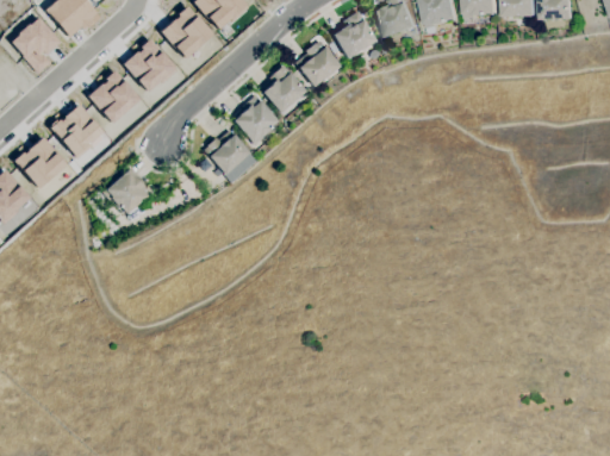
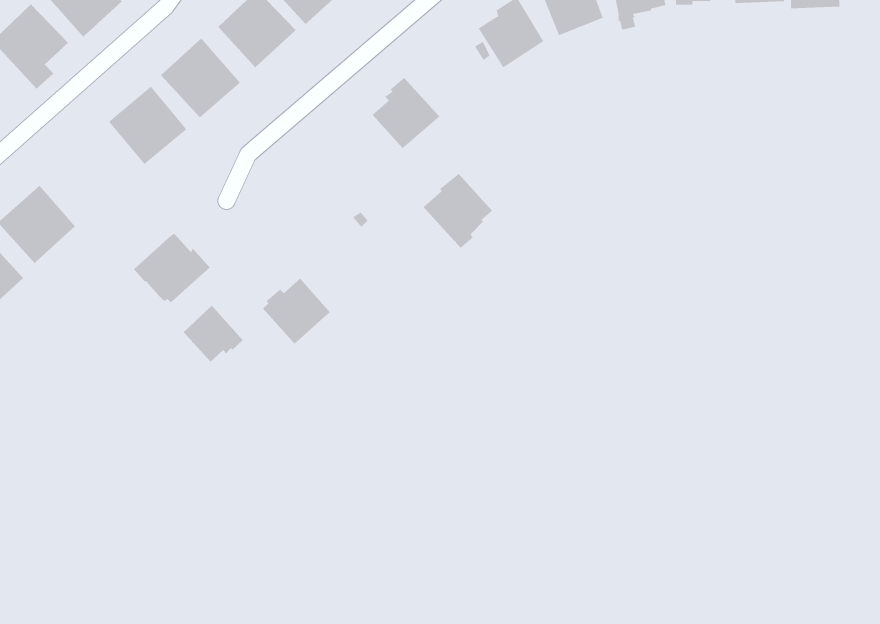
building: [298,42,342,87] -> none
building: [234,96,280,146] -> [423,173,493,249]
building: [51,104,105,158] -> none
building: [206,131,251,175] -> [262,278,331,344]
building: none -> [183,305,244,362]

